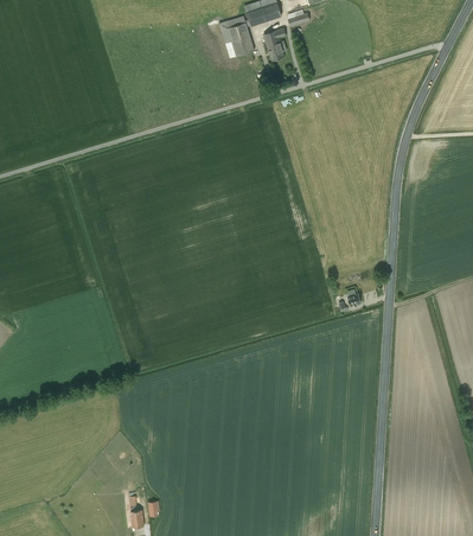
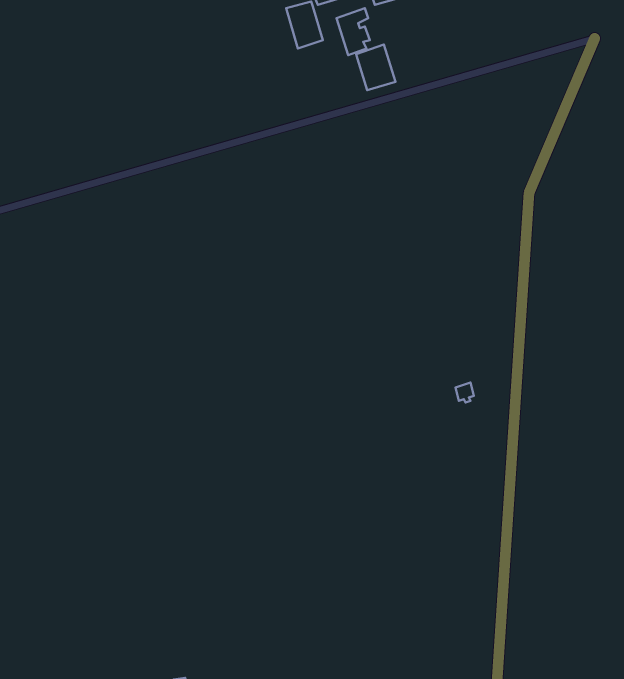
building: none -> [356,45,396,90]

